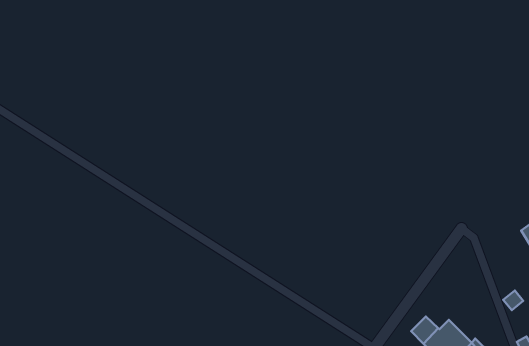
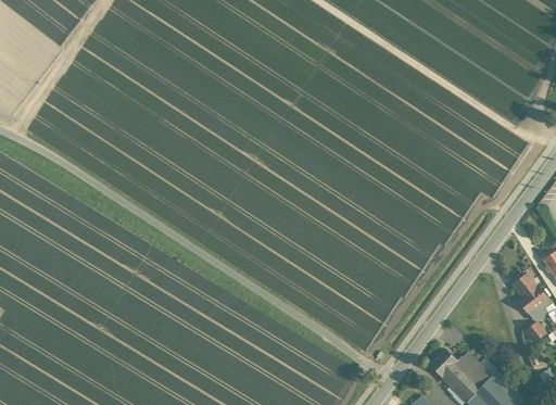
building: none -> [511,274,546,314]

